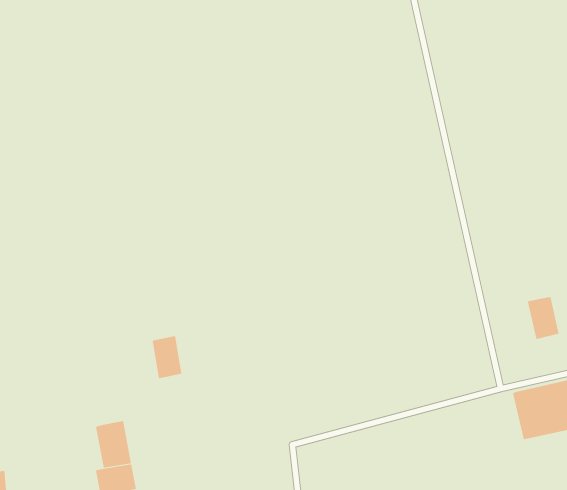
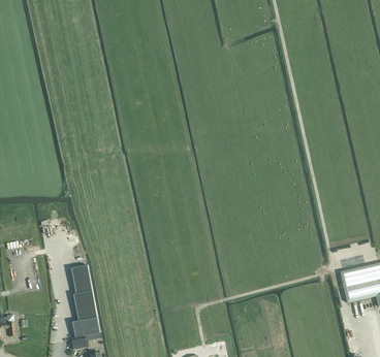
building: [527,296,559,340] -> none
building: [152,336,182,379] -> [71,264,91,292]

